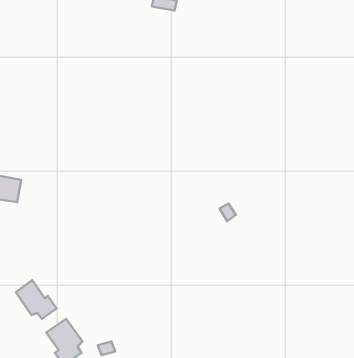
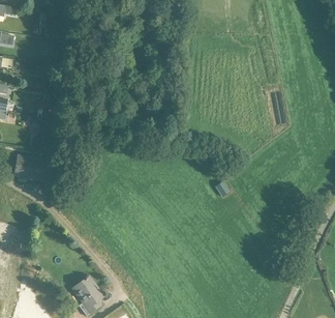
building: [16,280,57,319] -> none

